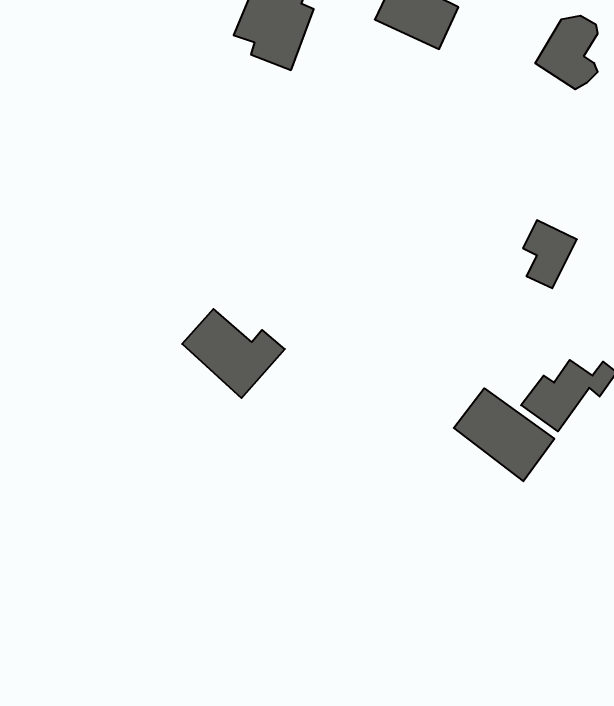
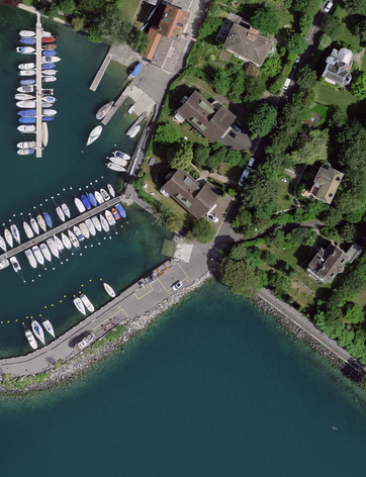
building: none -> [179,90,239,144]
building: [182,309,285,398] -> [163,168,222,219]
building: [454,388,554,481] -> none

